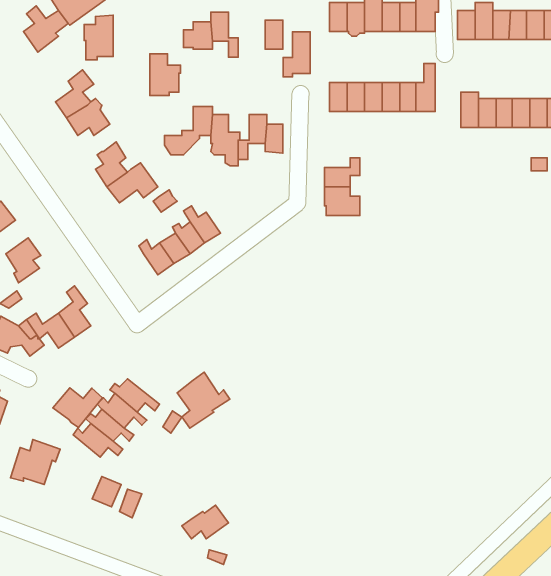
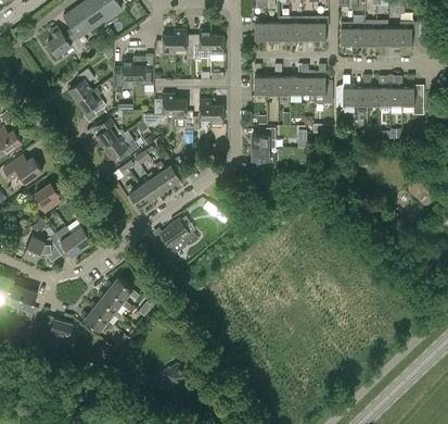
building: [84,15,113,60] -> [113,60,132,90]
building: [283,32,310,77] -> [192,29,210,60]
building: [177,372,230,428] -> [161,219,196,257]
building: [53,388,102,427] -> none

